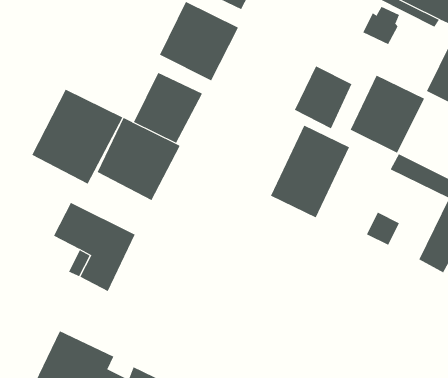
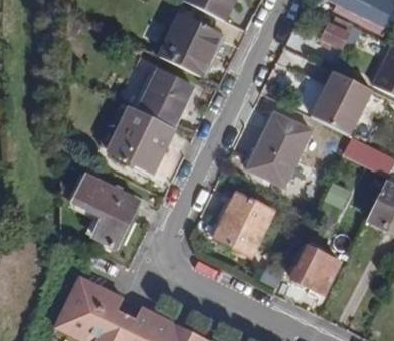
building: [294,66,352,129] -> none
building: [31,89,123,185] -> none
building: none -> [213,192,273,257]
building: none -> [290,245,340,294]

